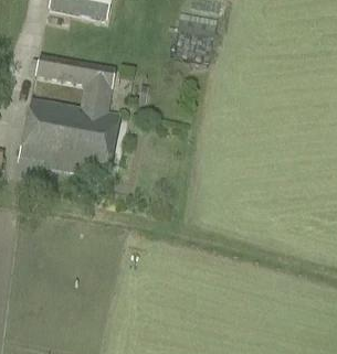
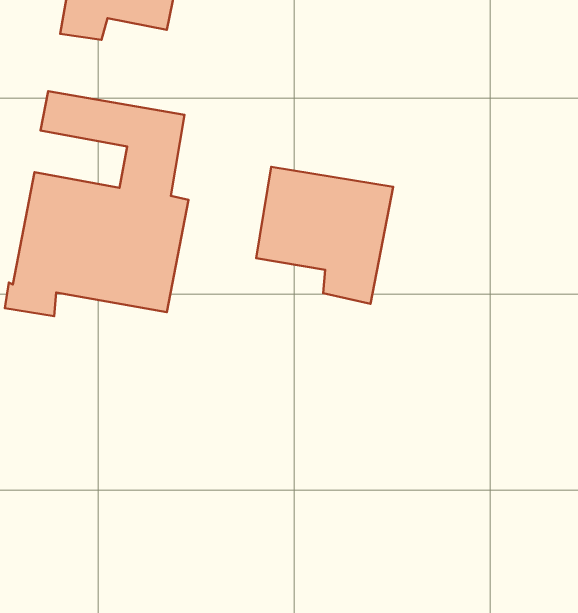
building: none -> [256,167,393,304]

